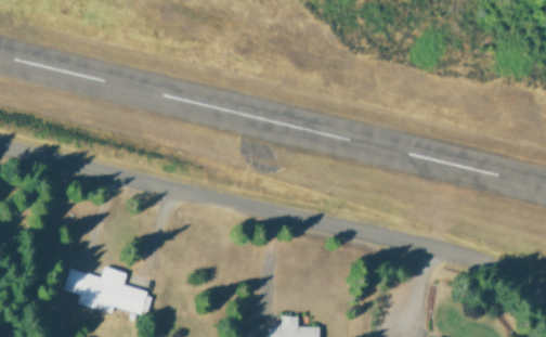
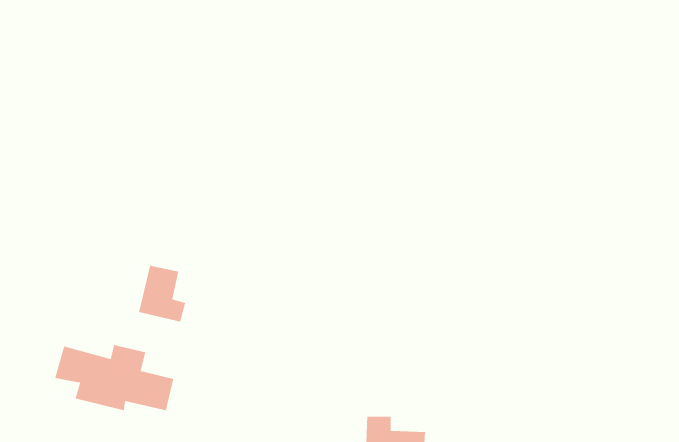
building: none -> [138,265,186,322]

